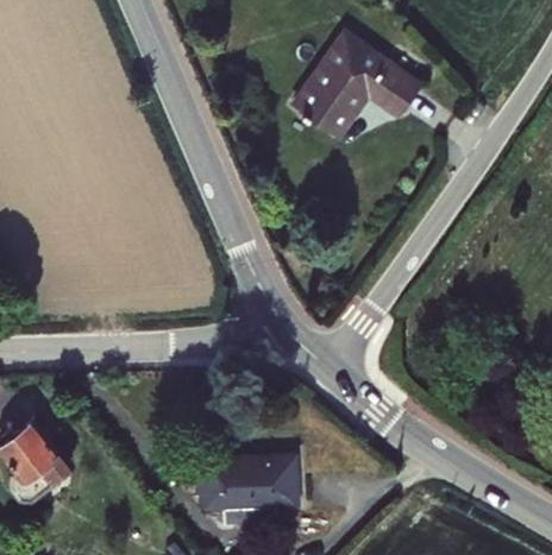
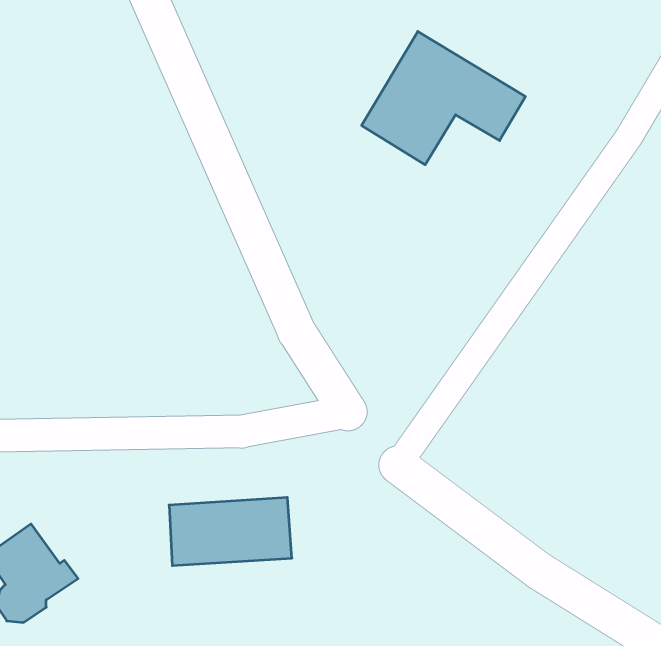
building: [202,456,299,510] -> [169,497,292,566]

